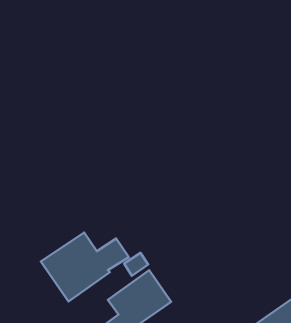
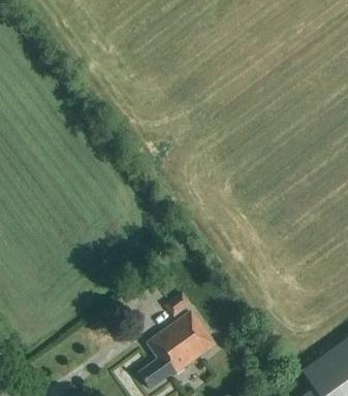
building: [41,232,129,301] -> none

